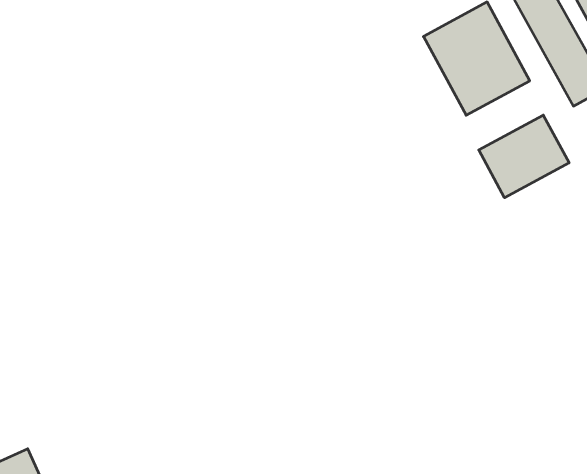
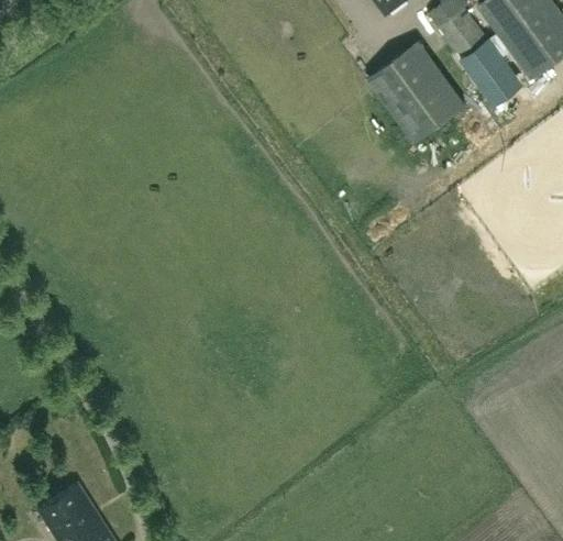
building: [479,115,569,198] -> none

